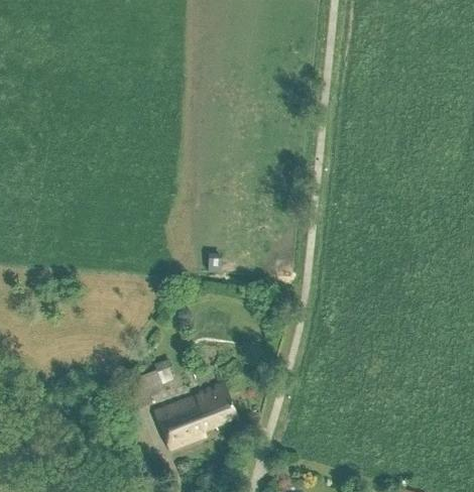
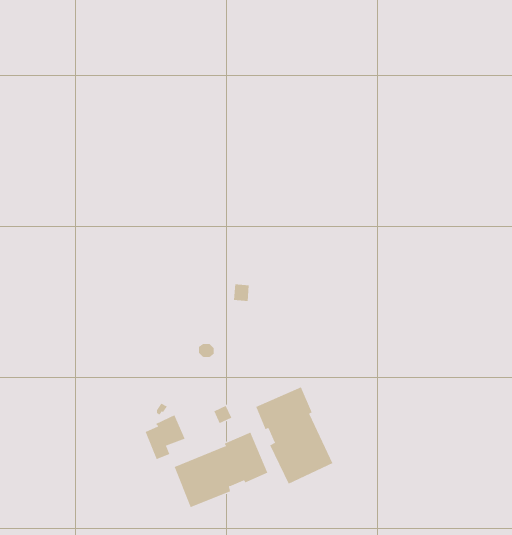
building: none -> [256,386,333,484]

